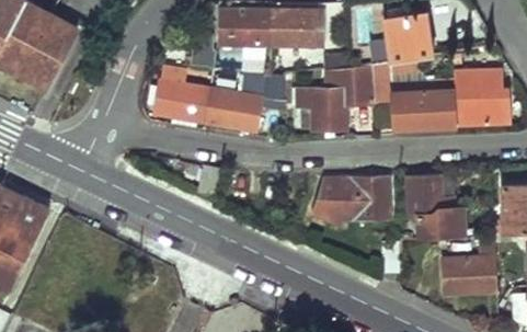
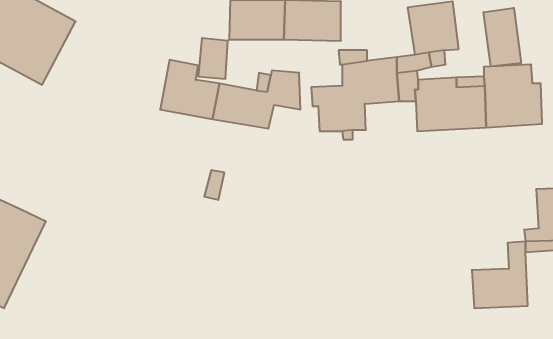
building: none -> [484,8,521,66]
building: [405,174,463,237] -> none
building: [310,176,386,227] -> none

